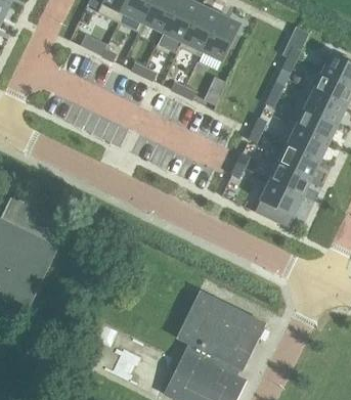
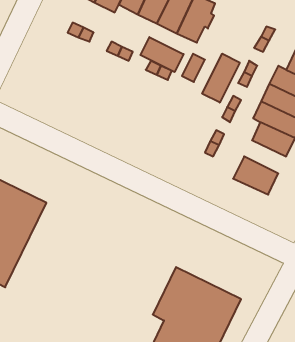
building: none -> [140,37,184,72]
building: none -> [202,54,240,103]
building: [269,162,312,195] -> none

